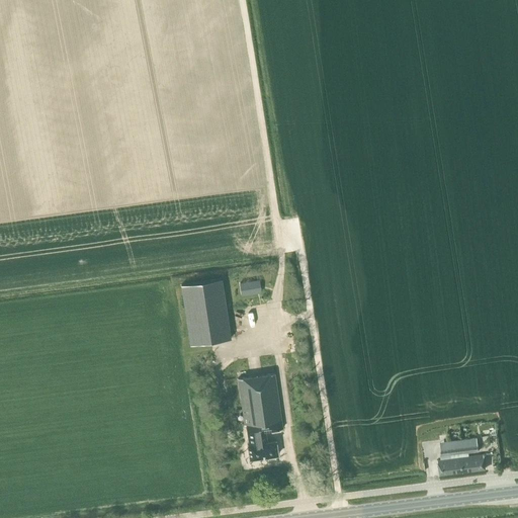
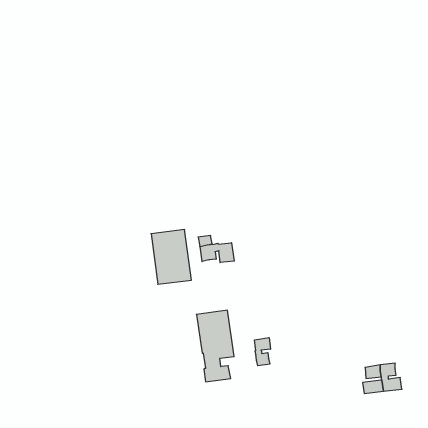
building: none -> [200,243,234,263]
building: none -> [255,338,270,366]

